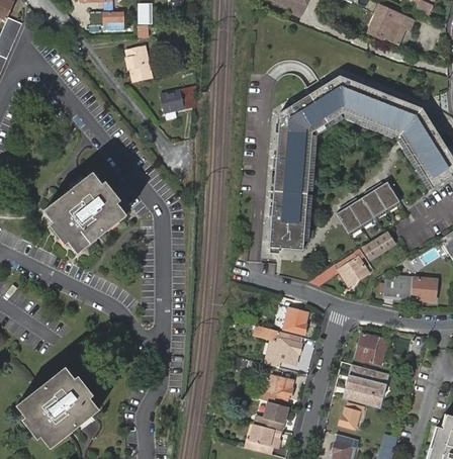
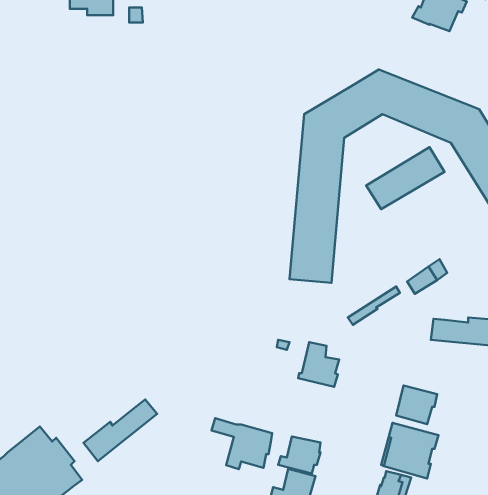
building: [126,47,152,82] -> none
building: [161,87,195,119] -> none
building: [43,173,126,255] -> none
building: [336,183,399,234] -> [366,147,444,209]
building: [339,258,368,286] -> none
building: [253,326,302,367] -> [211,418,272,469]
building: none -> [83,399,157,461]

